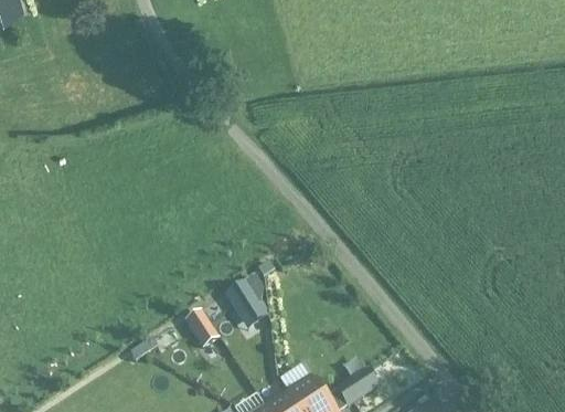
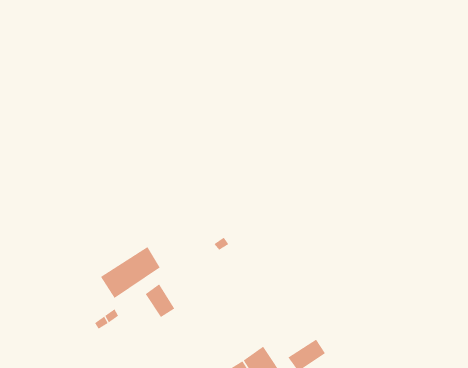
building: none -> [100,246,161,299]
building: [223,273,260,320] -> none

